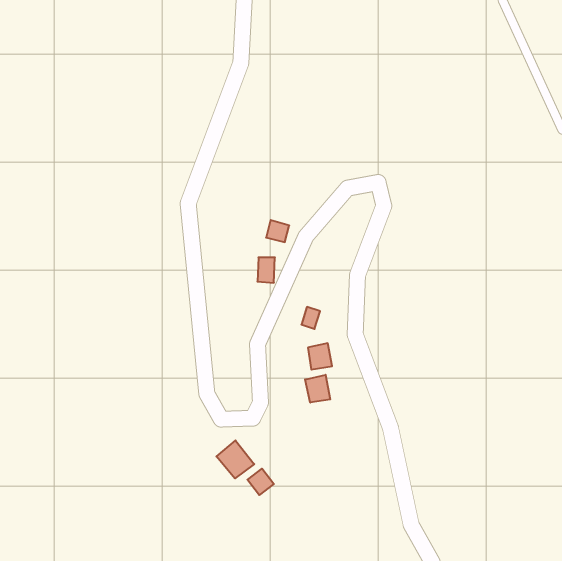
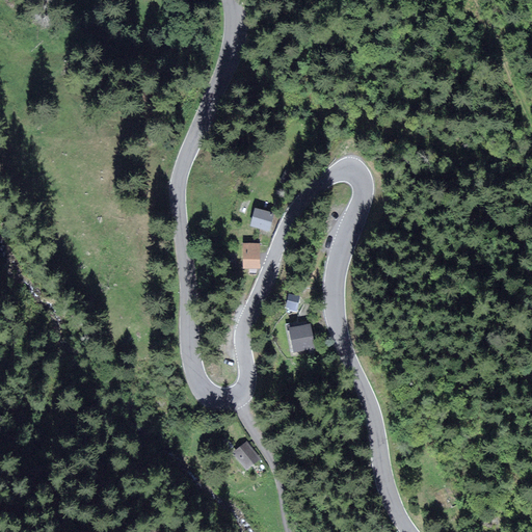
building: [305,375,330,403] -> none
building: [216,440,254,478] -> none

